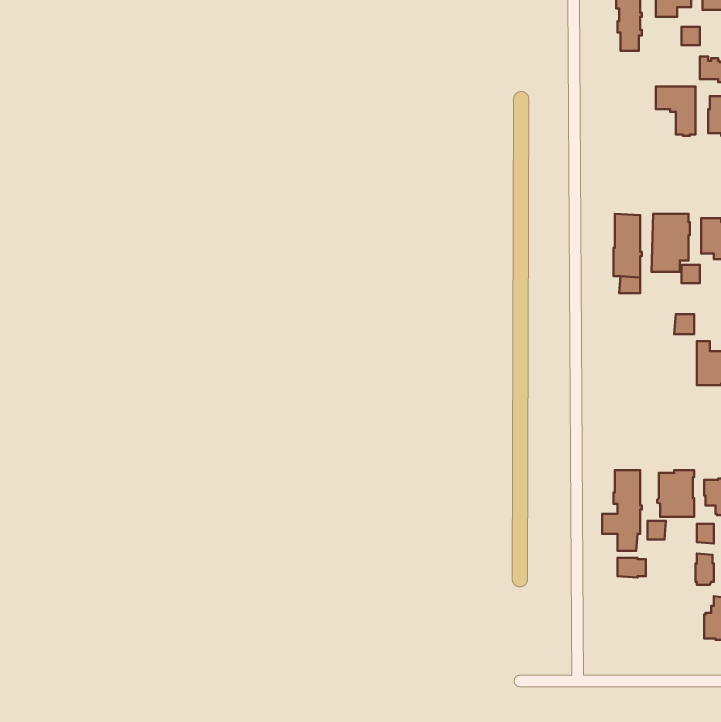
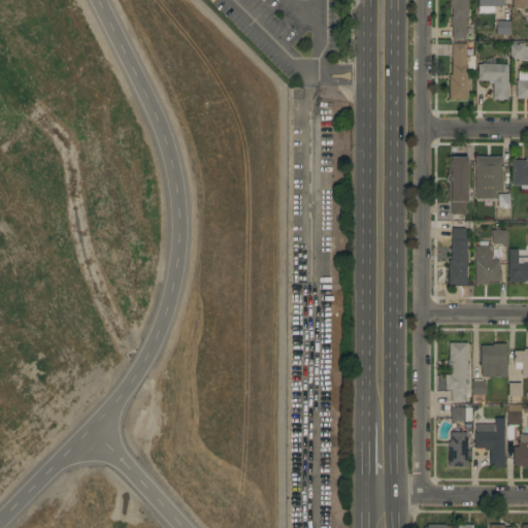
building: none -> [450,42,476,98]
building: none -> [450,220,469,284]
building: none -> [475,245,503,284]
building: none -> [474,417,505,466]
building: none -> [450,431,469,466]

